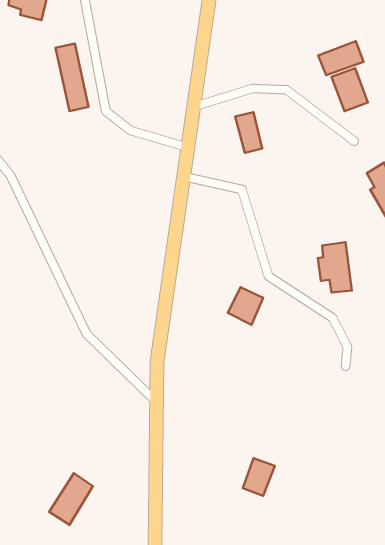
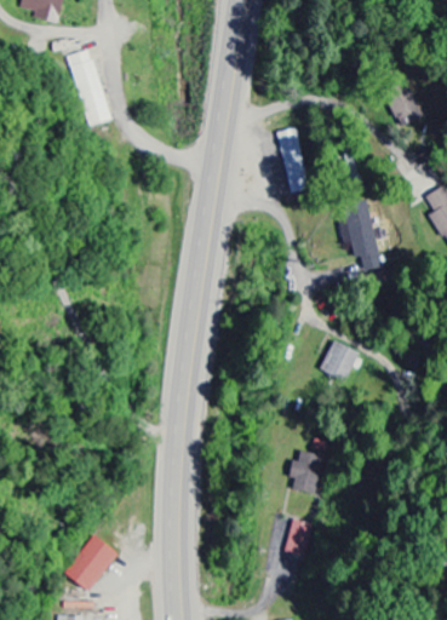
building: [318,41,364,75] -> none
building: [318,242,352,293] -> [338,201,377,258]
building: [228,287,263,325] -> [320,340,360,383]
building: none -> [292,453,322,492]

